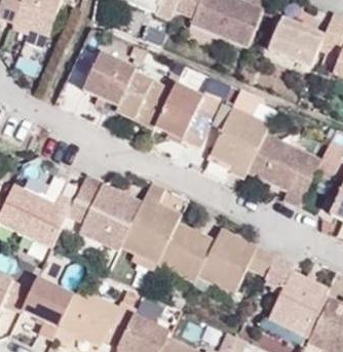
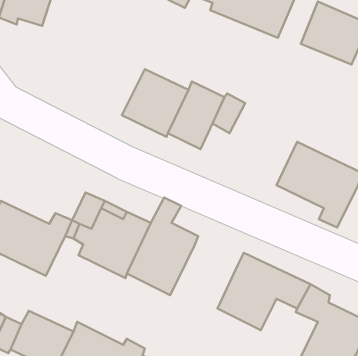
building: [83,52,138,107] -> none
building: [211,107,269,177] -> none
building: [157,222,215,281] -> none

